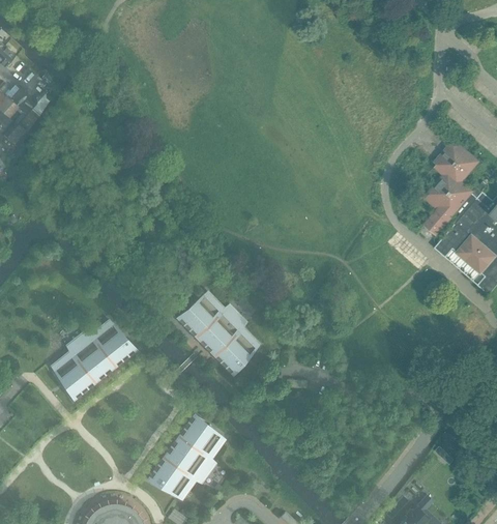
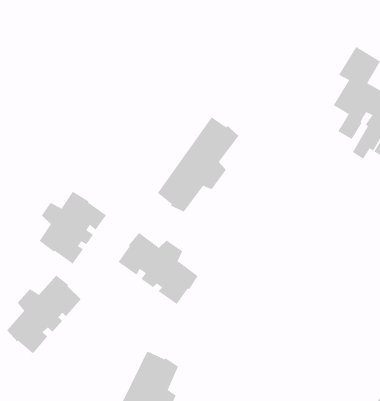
building: none -> [155,113,239,212]
building: none -> [39,191,108,267]

